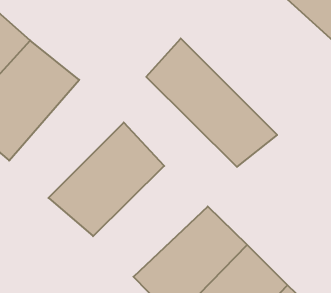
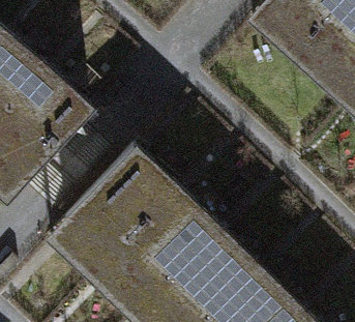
building: [146,38,277,167] -> none
building: none -> [97,196,209,303]

